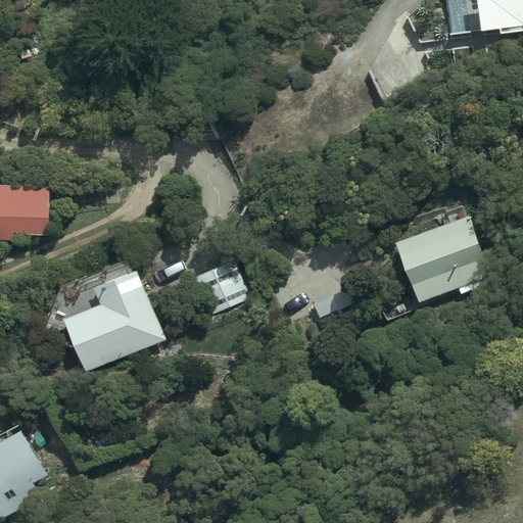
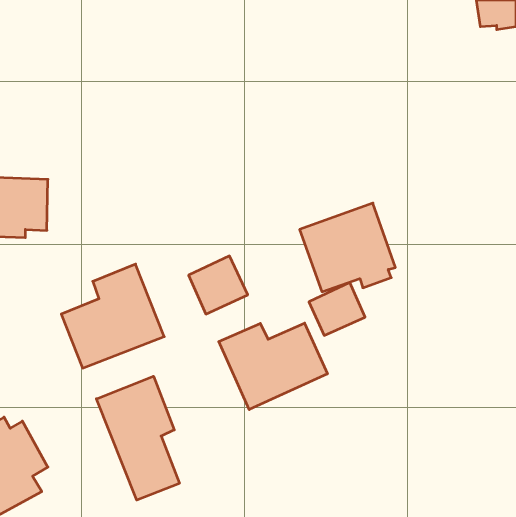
building: [394,213,490,302] -> [300,203,395,292]
building: none -> [219,323,327,410]
building: none -> [96,376,179,500]

